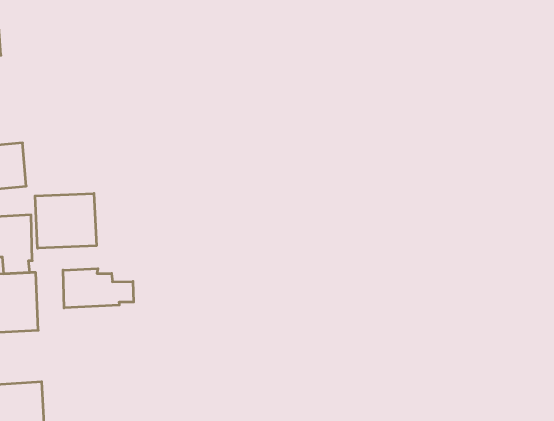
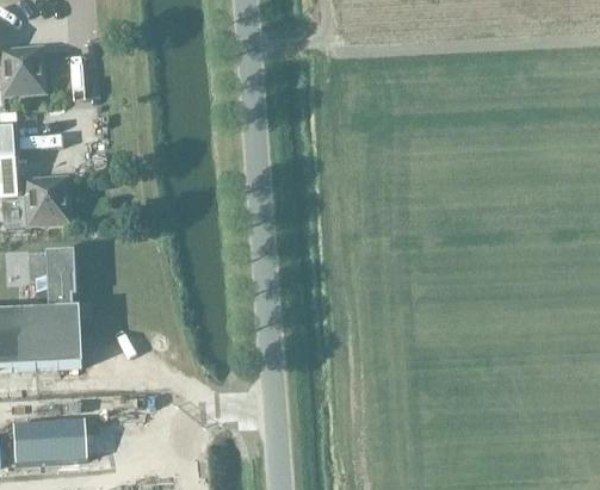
building: [35,193,96,248] -> none
building: [63,269,134,308] -> none

